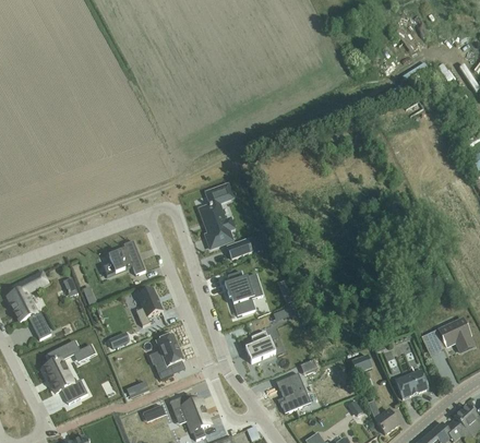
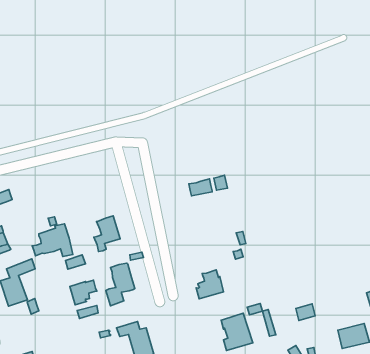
building: [200,184,233,248] -> none
building: [103,240,145,276] -> [32,224,73,257]
building: [225,270,260,314] -> none
building: none -> [70,280,97,305]

